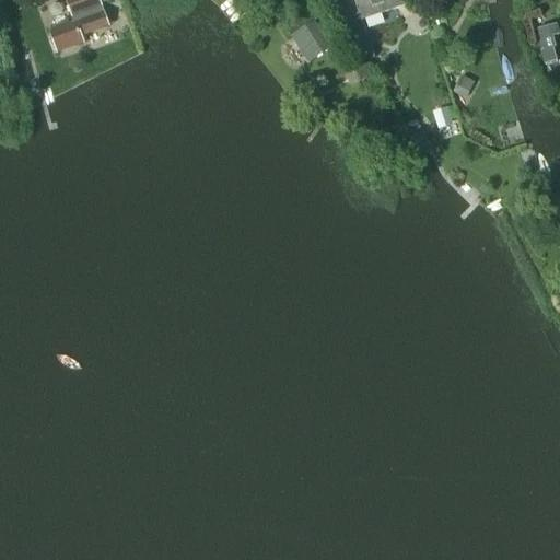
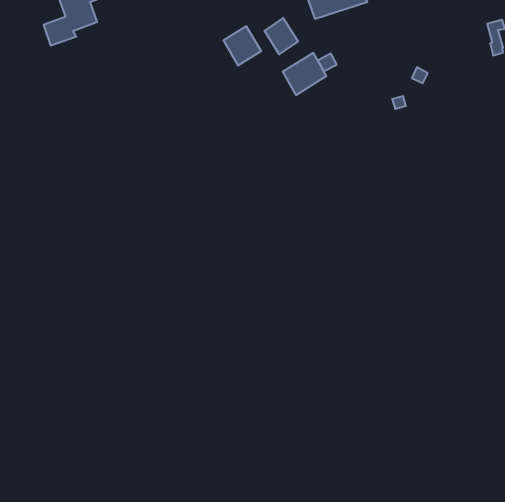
building: none -> [224,26,261,66]
building: none -> [283,53,326,95]

